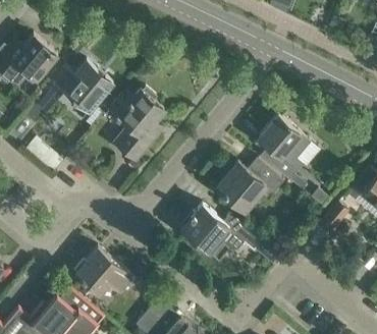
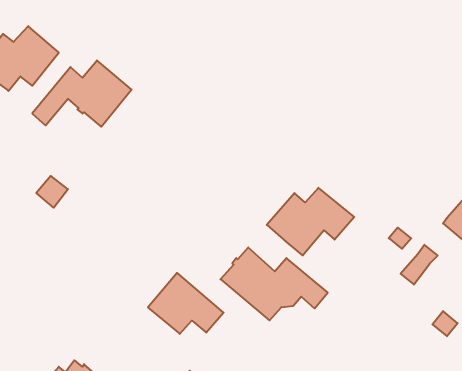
building: [109,90,163,160] -> none
building: [258,115,310,180] -> none
building: [74,247,132,294] -> [148,273,224,334]

